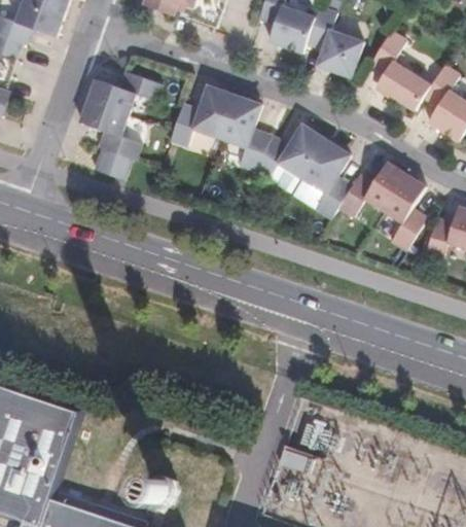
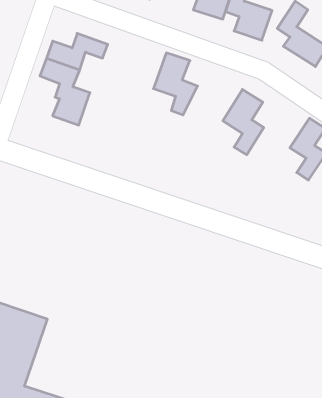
building: [169,84,232,145] -> none
building: [253,122,325,177] -> none
building: [337,161,406,215] -> none

